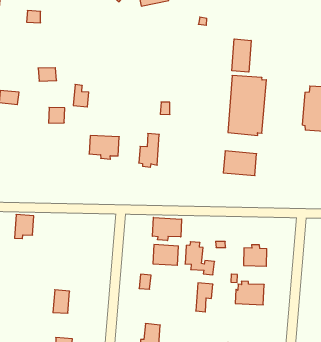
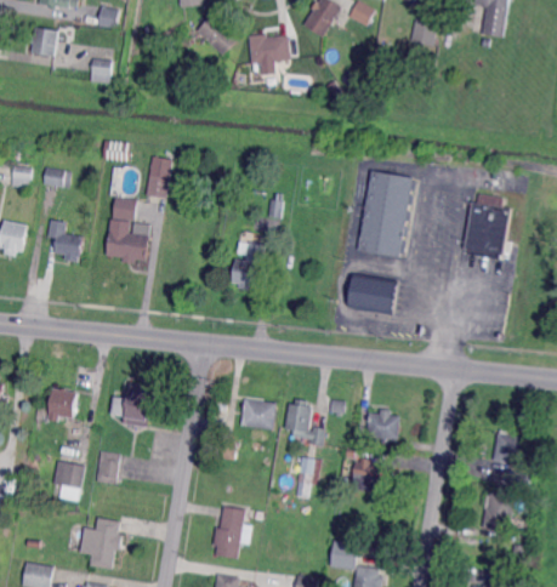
building: [232,39,251,72] -> none
building: none -> [46,220,81,263]
building: [89,136,119,159] -> [104,229,148,264]
building: [15,215,34,239] -> [46,387,75,421]
building: [152,217,182,241] -> none
building: none -> [109,382,154,427]
building: none -> [51,461,83,489]

